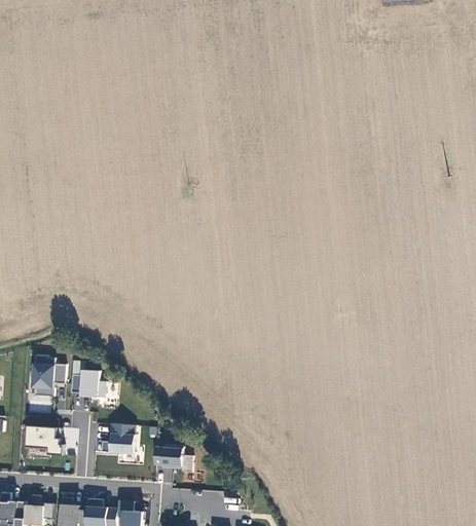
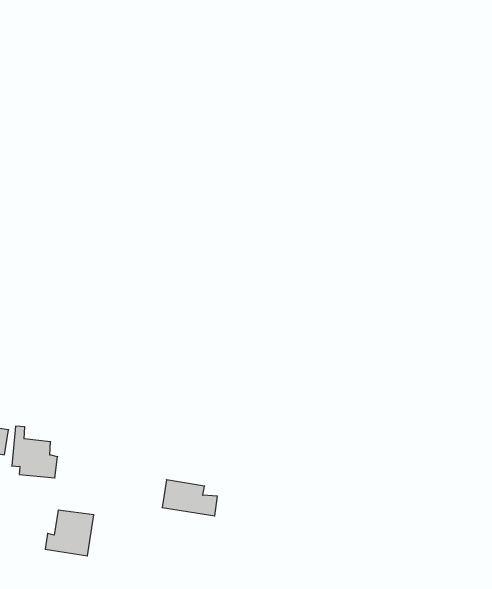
building: [152,445,194,471] -> [162,480,217,516]

